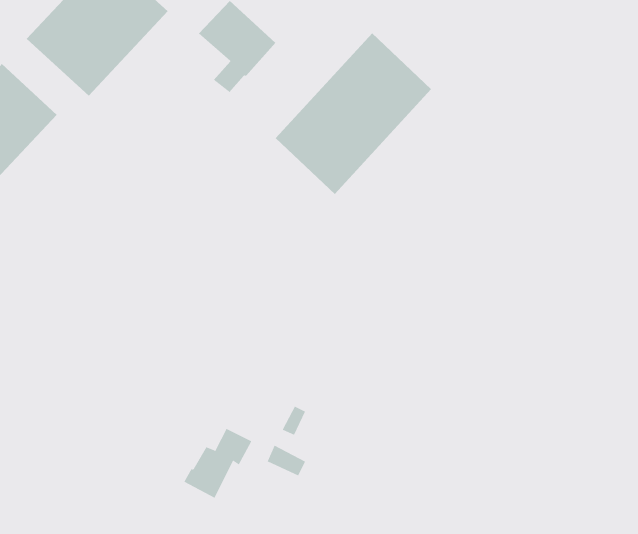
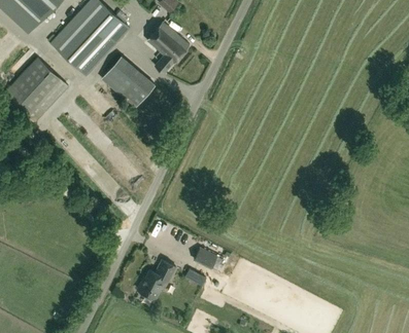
building: [275,32,432,195] -> none
building: none -> [103,57,155,107]

